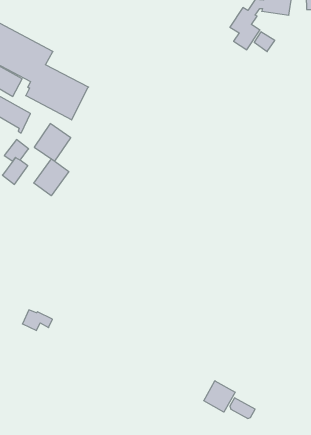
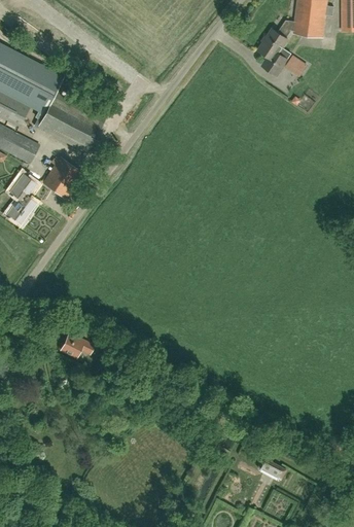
building: [34,159,69,196] -> none
building: [22,310,52,330] -> [60,335,93,357]
building: [204,381,235,412] -> none

